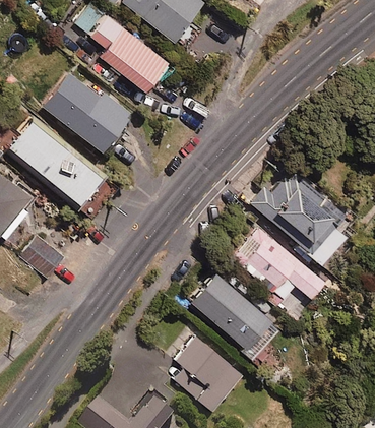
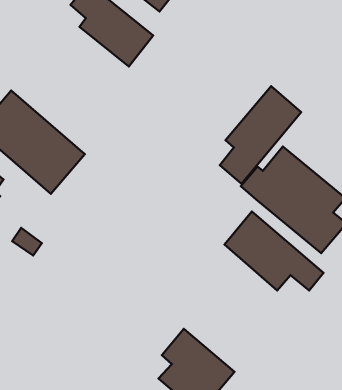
building: [44,73,132,152] -> none
building: none -> [220,86,301,184]
building: [190,271,279,358] -> none

